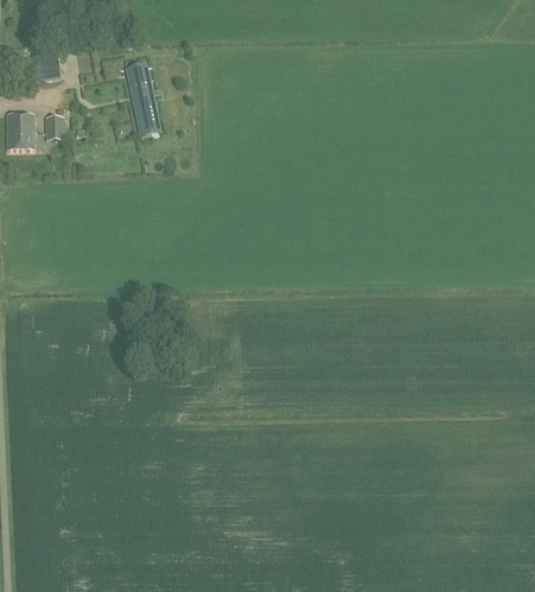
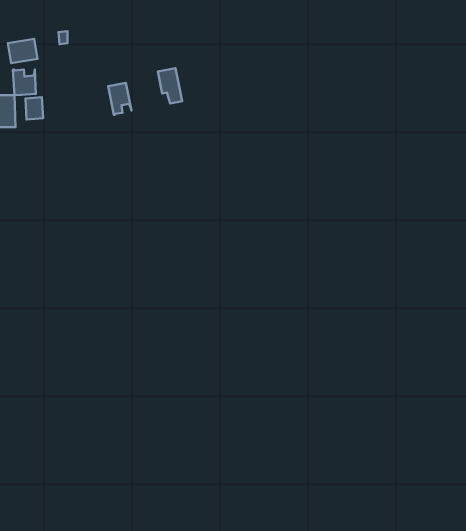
building: [127,65,153,103] -> [158,68,182,103]
building: none -> [13,69,36,95]

